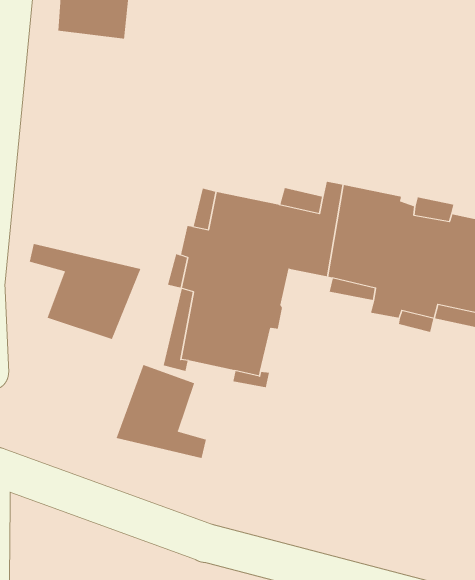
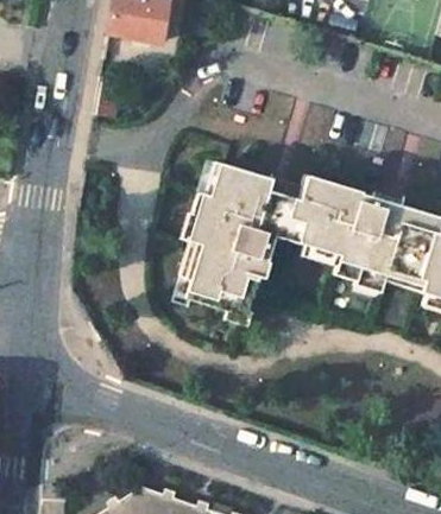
building: [29,243,141,340] -> none
building: [116,364,206,459] -> none

